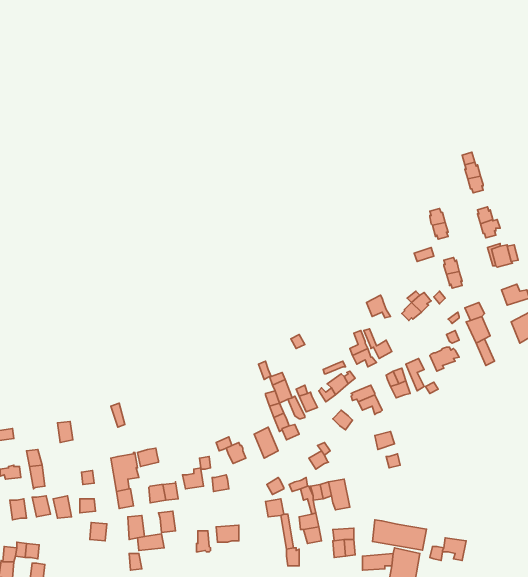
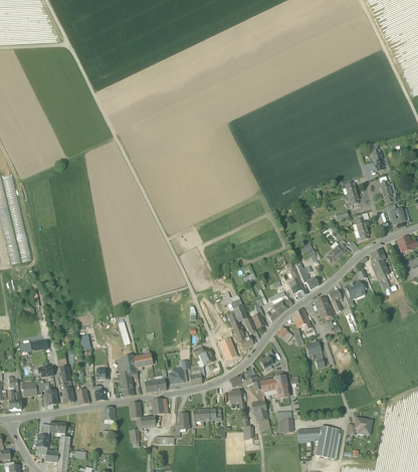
building: [373,520,426,550] -> none

